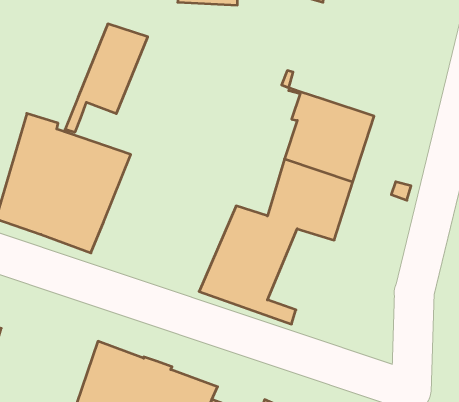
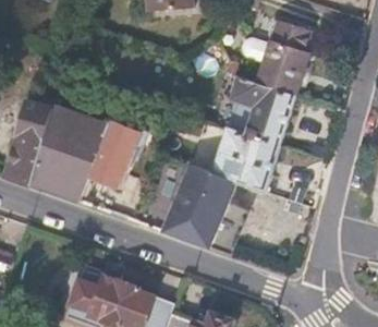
building: none -> [256,20,310,96]
building: [65,24,148,132] -> [78,120,142,203]

